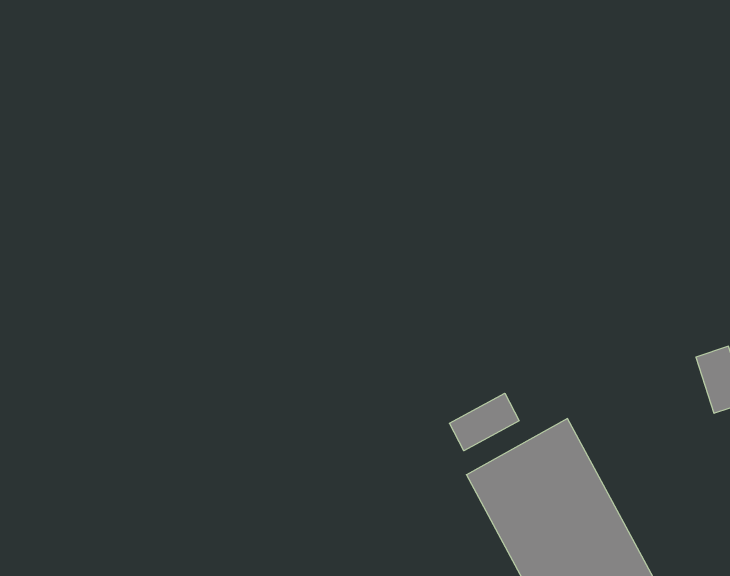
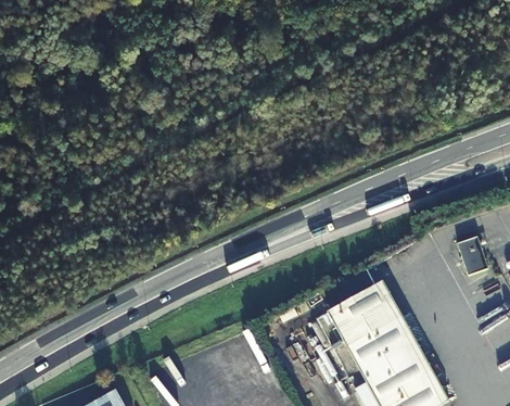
building: [449,393,519,451] -> none

